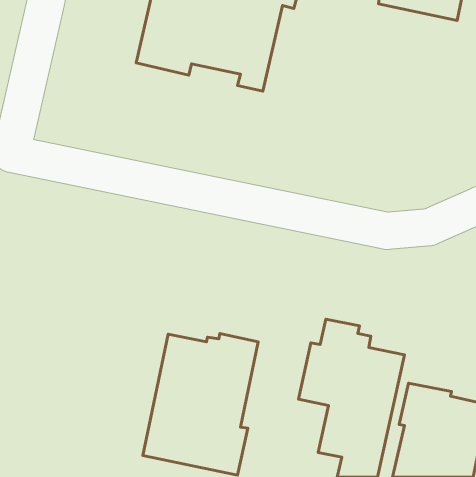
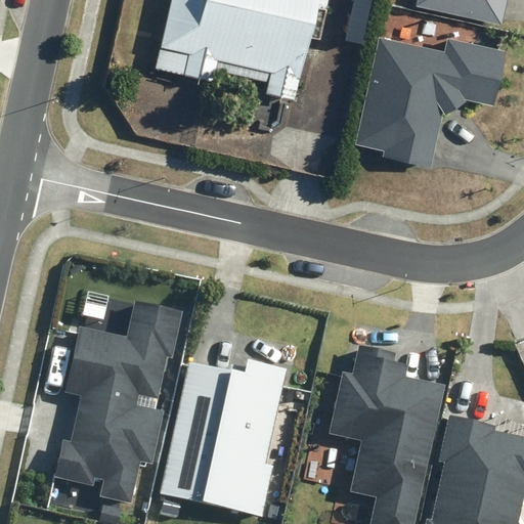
building: none -> [355,36,505,165]
building: none -> [54,304,181,507]

